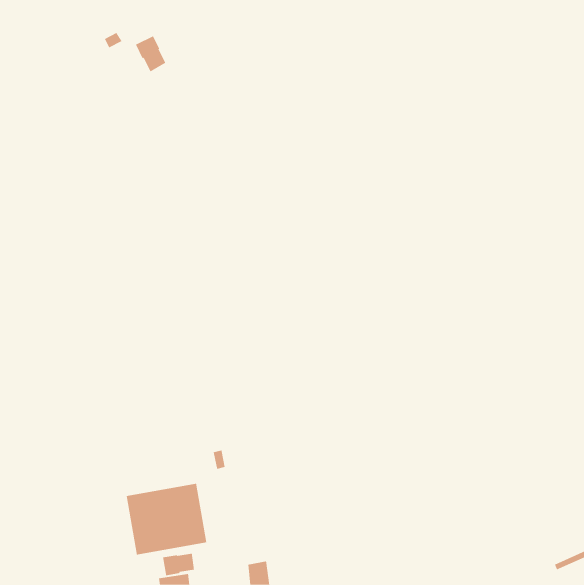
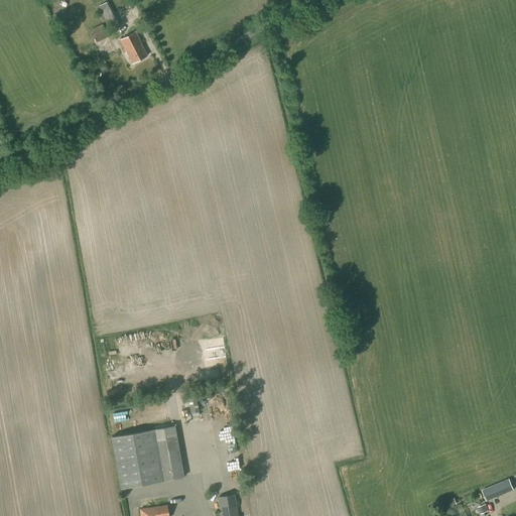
building: [163,553,194,576] -> none

